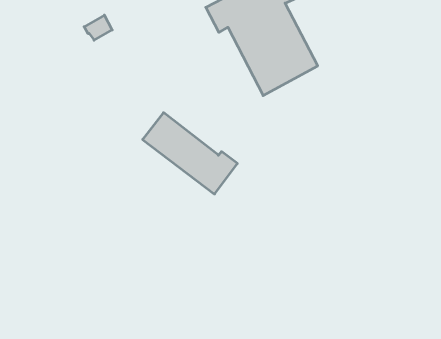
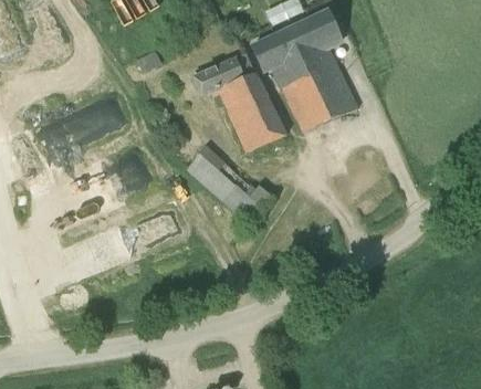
building: none -> [194,51,285,151]

